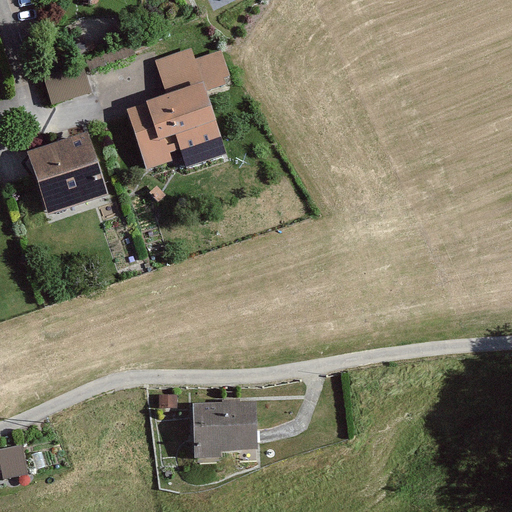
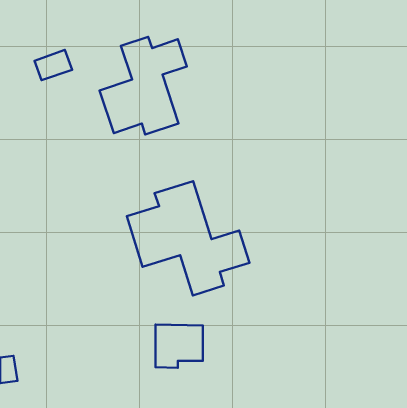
building: [24,132,103,214] -> none
building: none -> [127,181,250,295]

